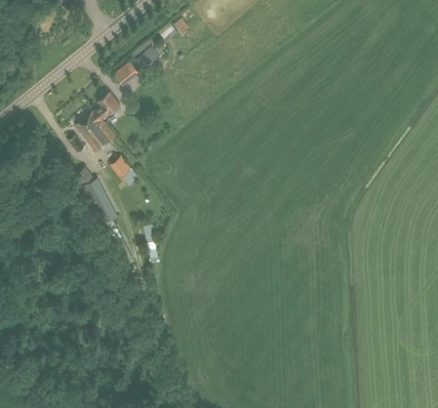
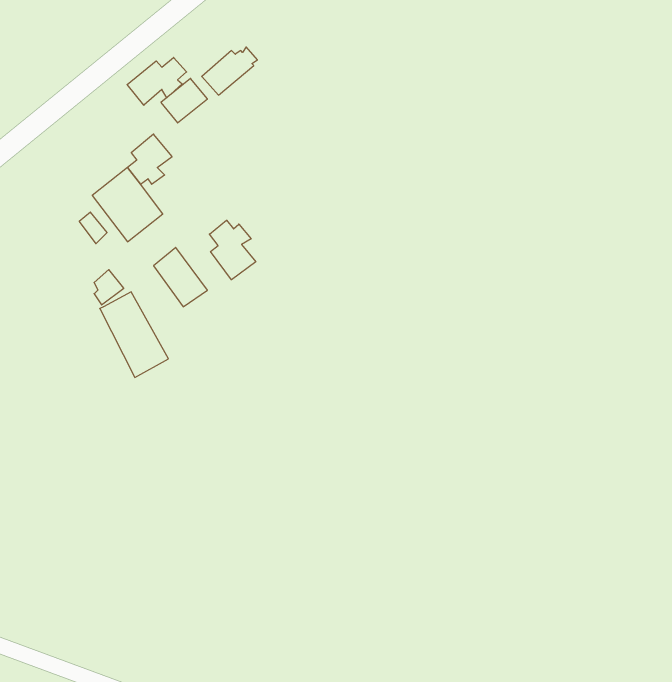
building: none -> [127,57,187,105]
building: none -> [209,220,256,280]

